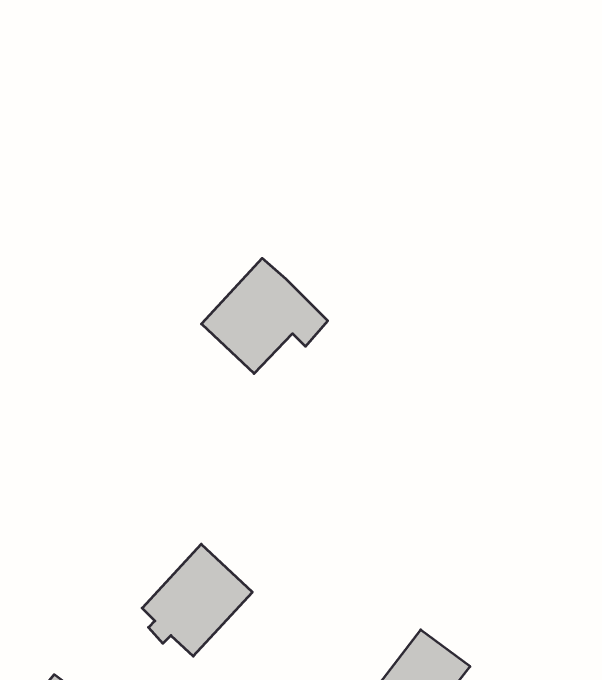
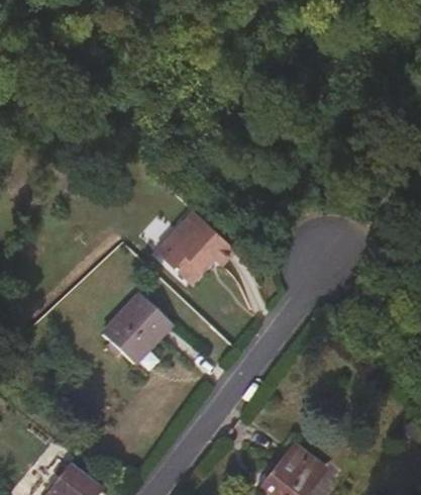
building: [142,544,252,656] -> [103,293,173,364]

